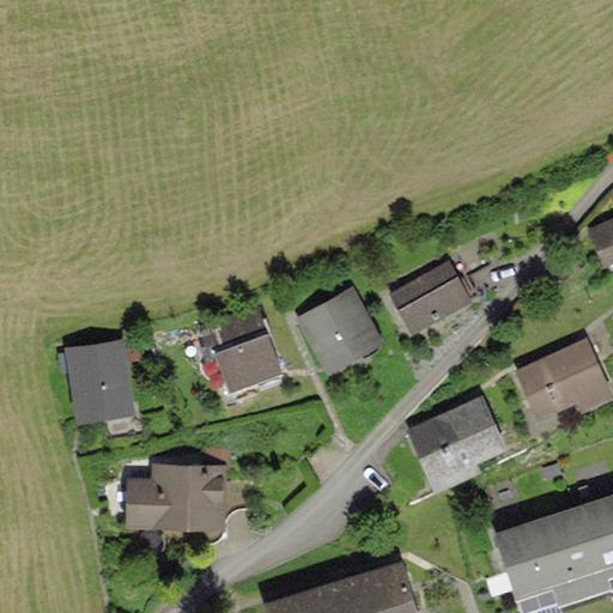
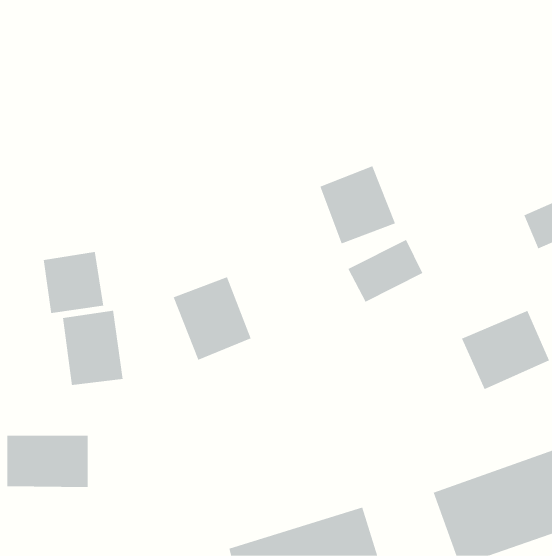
building: none -> [43,251,104,314]
building: [299,290,383,376] -> [319,166,396,244]
building: [406,397,509,492] -> none
building: [129,474,219,532] -> [6,435,88,487]

